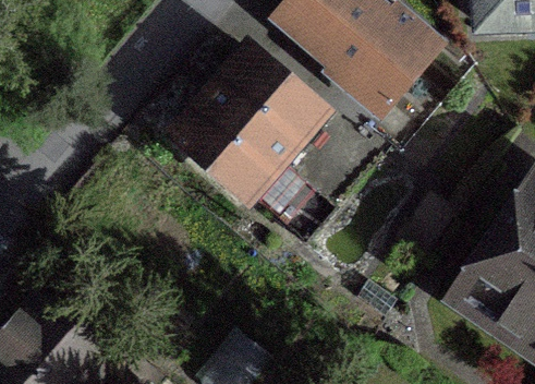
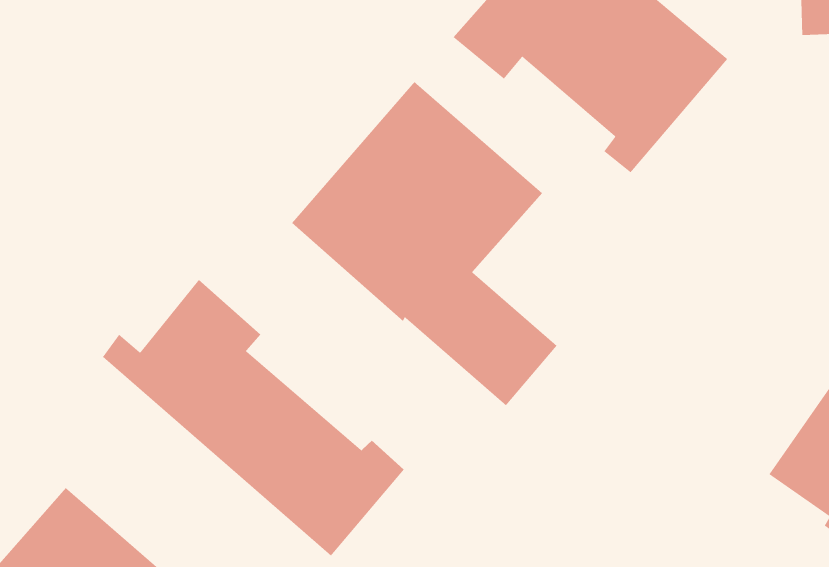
building: none -> [102,279,405,556]

